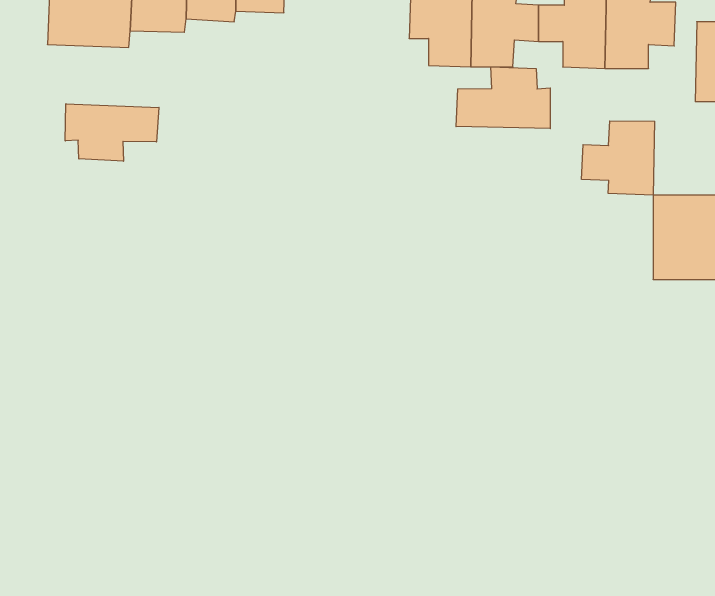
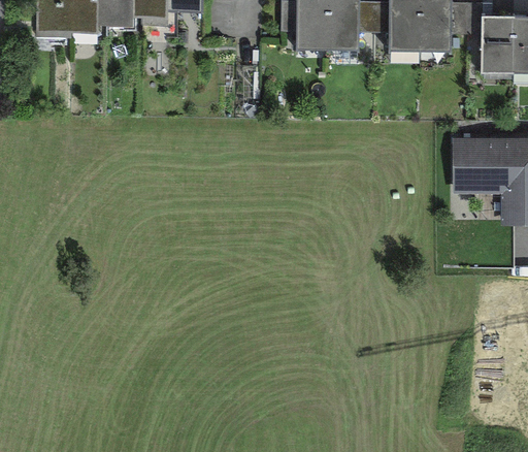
building: [456,67,550,129] -> none
building: [65,104,159,161] -> none
building: [582,121,655,195] -> none

